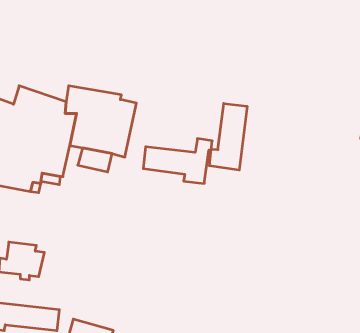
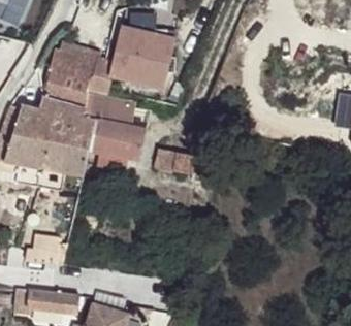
building: none -> [43,26,173,108]
building: [209,103,247,170] -> none

